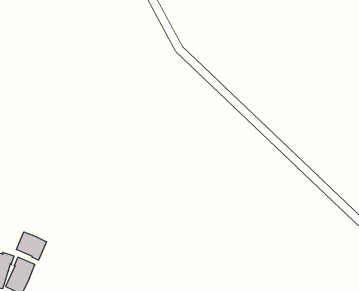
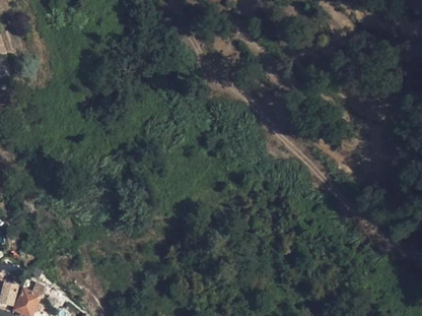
building: [16,232,47,260] -> none

